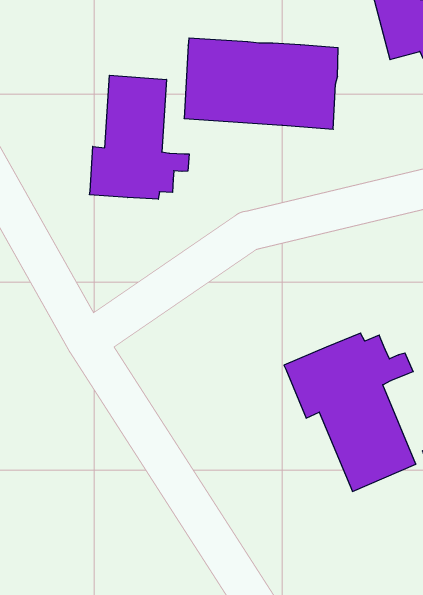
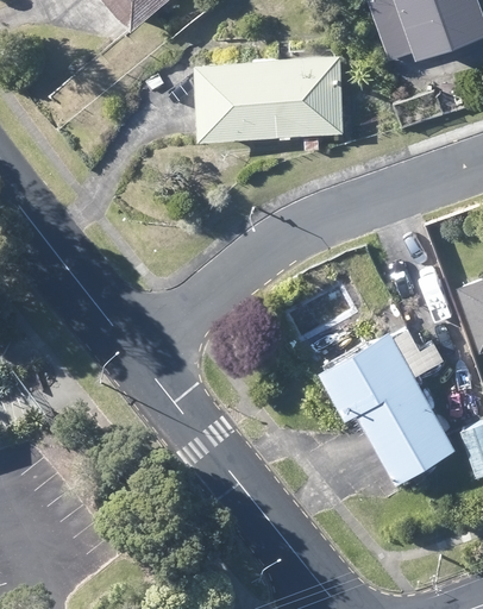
building: [90,75,189,199] -> none

